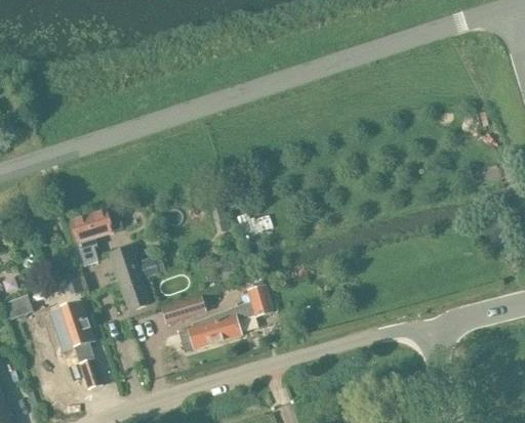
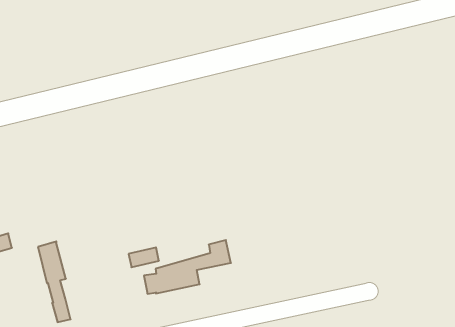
building: [68,209,122,266] -> none
building: [111,246,151,310] -> none

